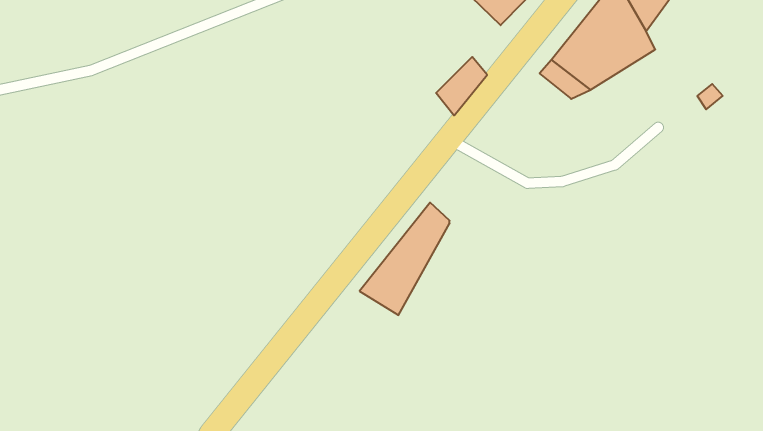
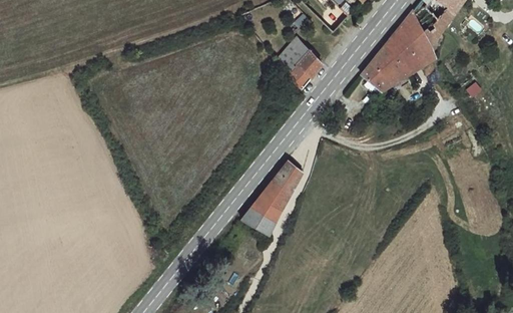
building: none -> [283,41,318,80]

